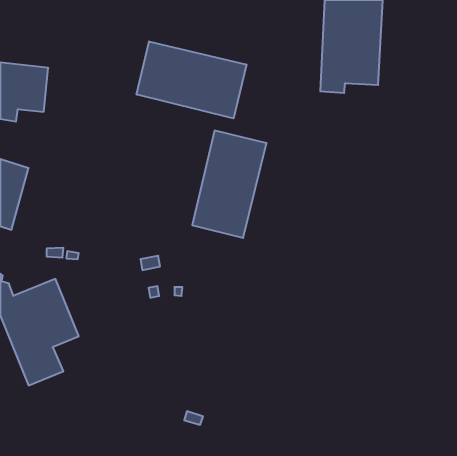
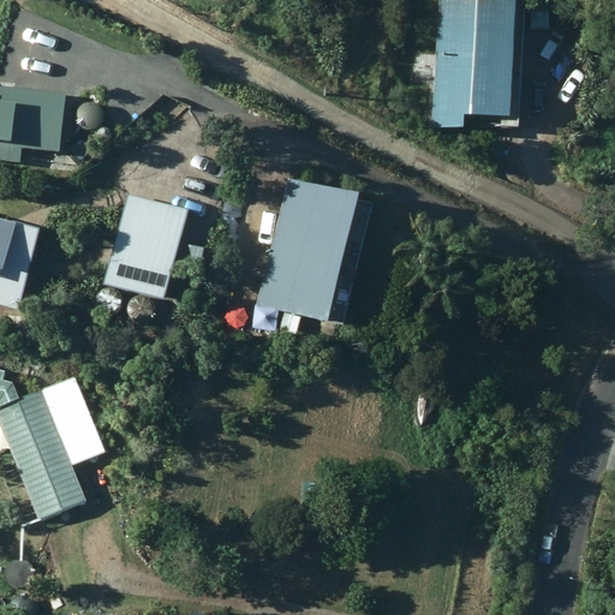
building: [137,41,246,118] -> none
building: none -> [102,192,187,300]

